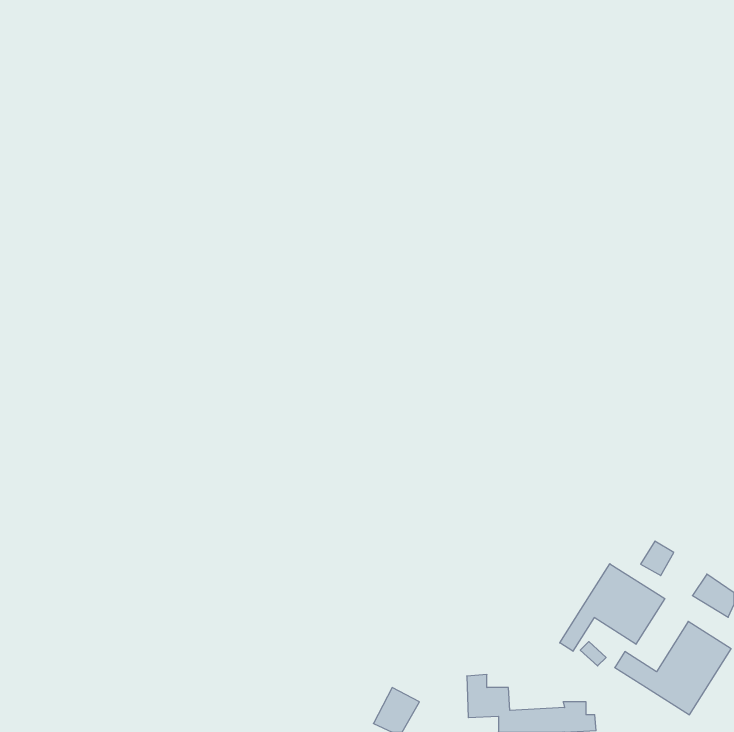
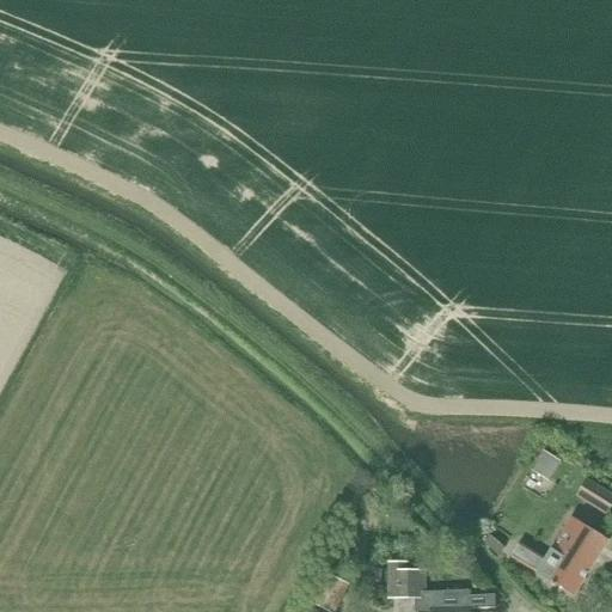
building: [560,564,665,651] -> none

